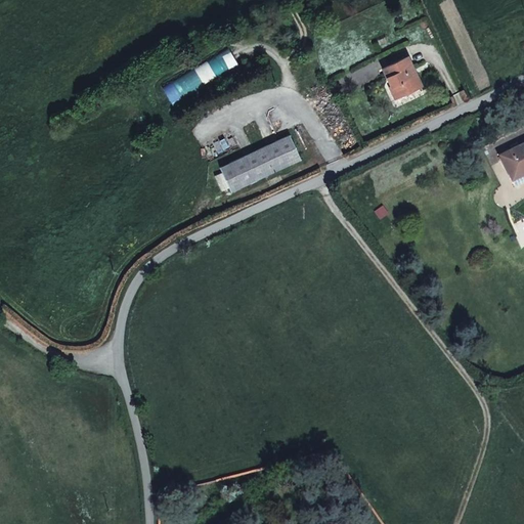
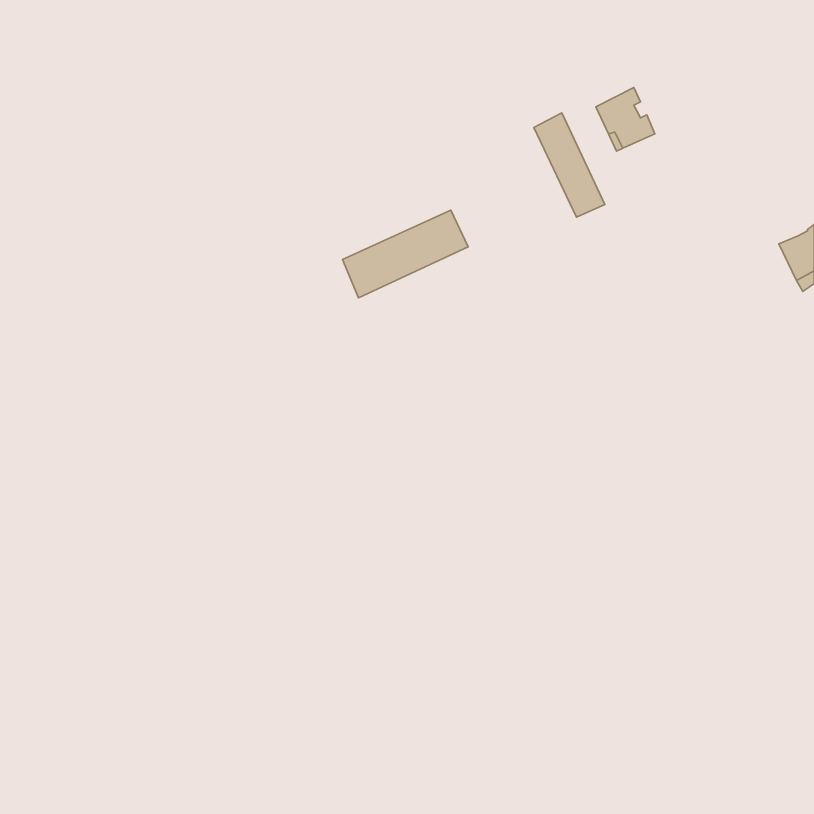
building: none -> [534,113,605,217]

